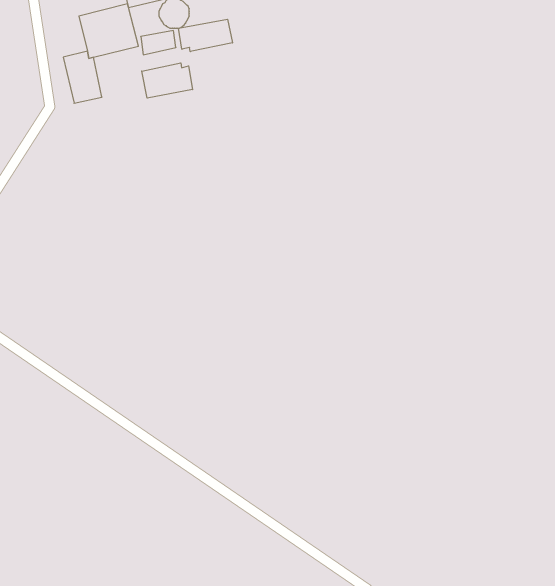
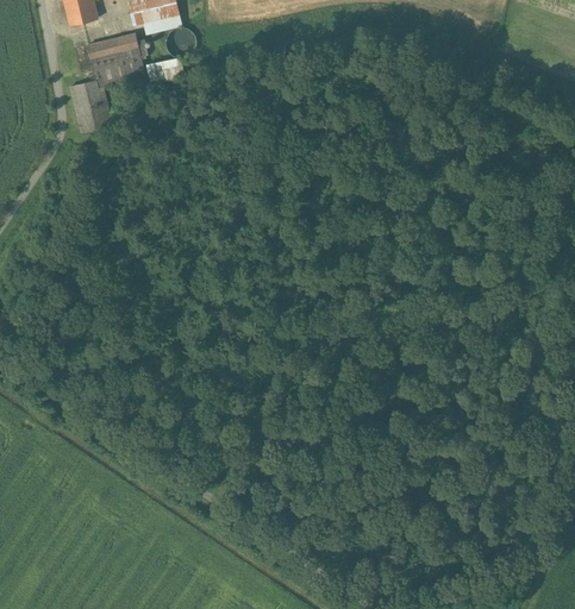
building: [178,19,232,52] -> none
building: [142,63,193,98] -> none

